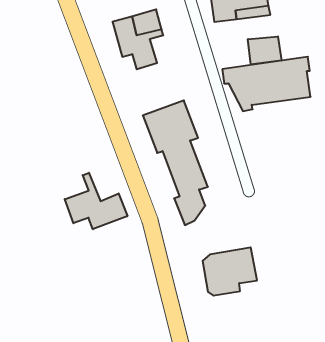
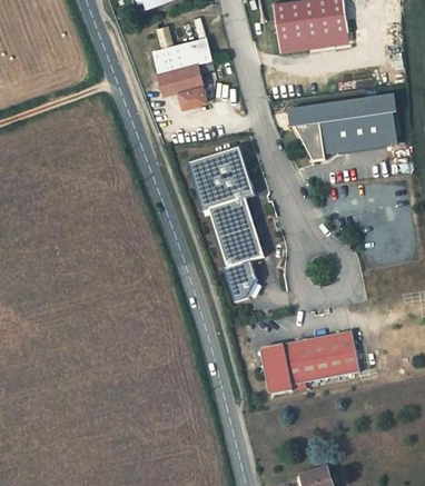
building: [248,36,281,65] -> none
building: [65,173,127,229] -> none
building: none -> [322,326,360,373]

